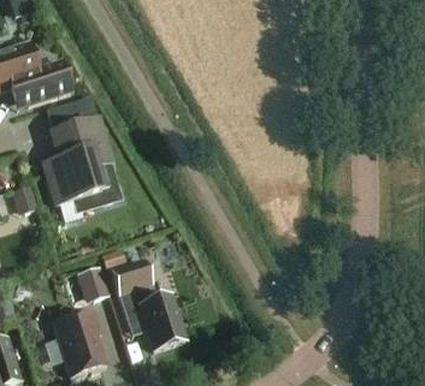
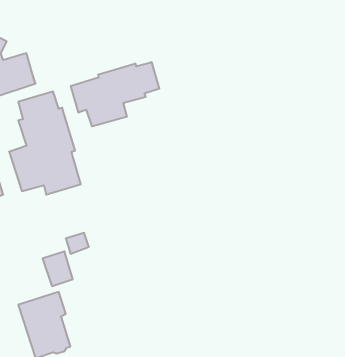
building: none -> [71,62,159,126]
building: [112,262,184,350] -> none

